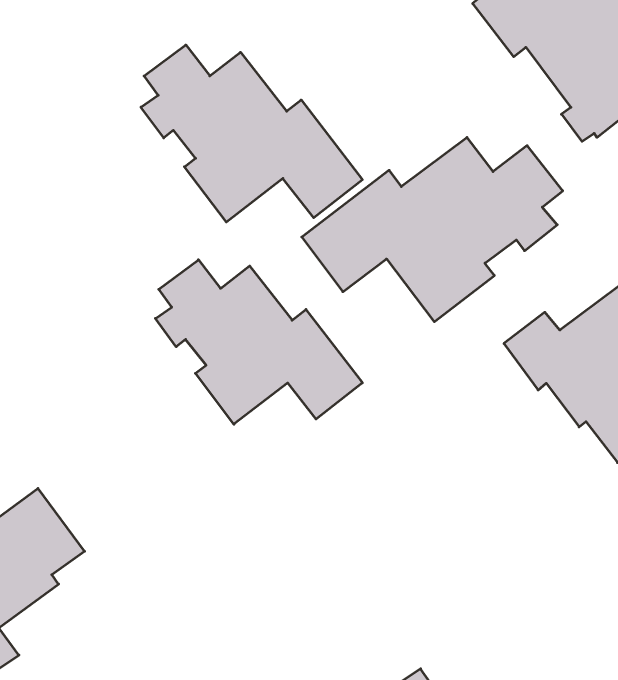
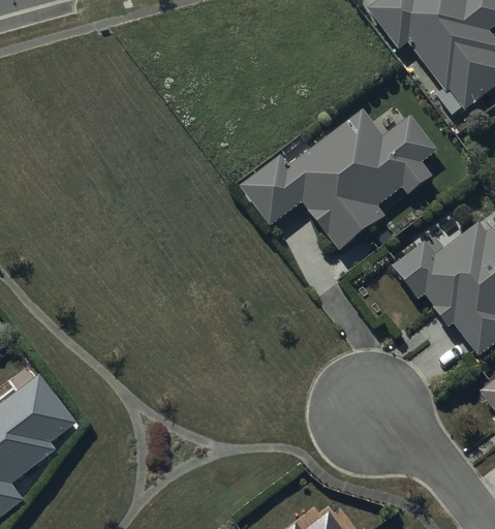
building: [141,45,362,222] -> none
building: [155,260,362,424] -> none

